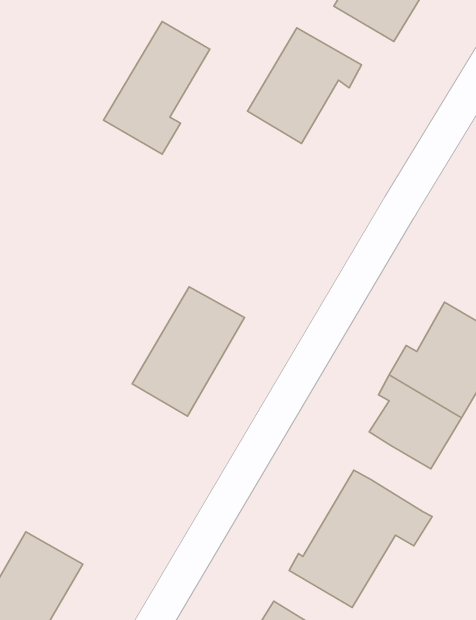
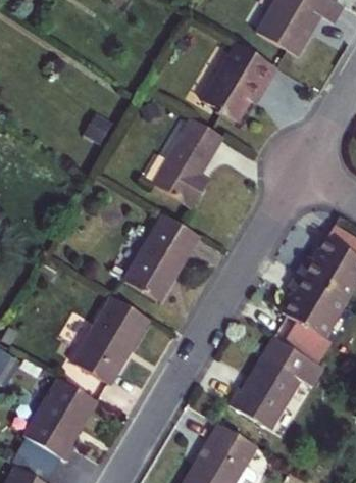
building: [104,21,210,154] -> [151,118,221,206]
building: none -> [72,297,148,384]
building: none -> [284,322,333,366]

